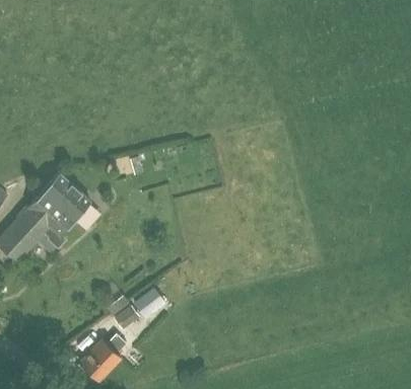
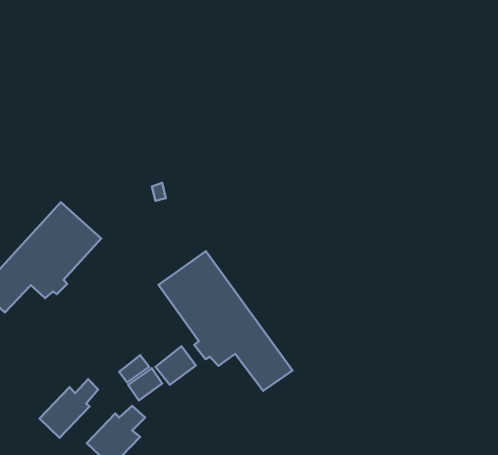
building: none -> [158,251,292,391]
building: none -> [39,379,98,438]

